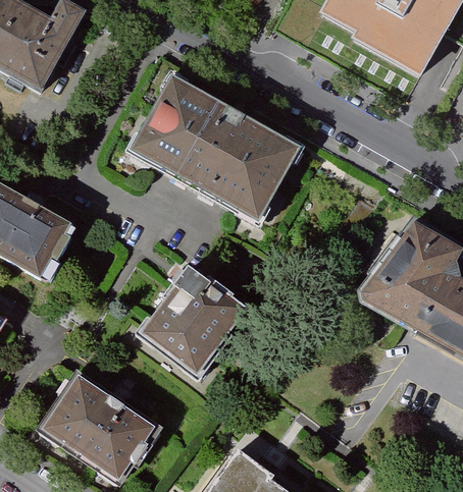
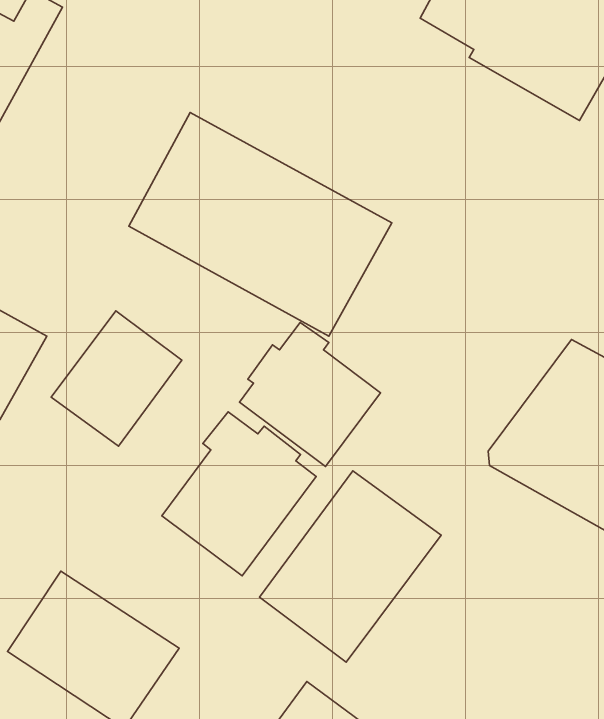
building: none -> [51,311,182,446]
building: none -> [240,323,381,466]
building: none -> [260,471,441,662]

